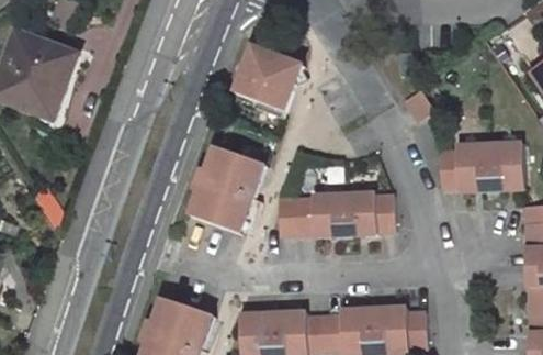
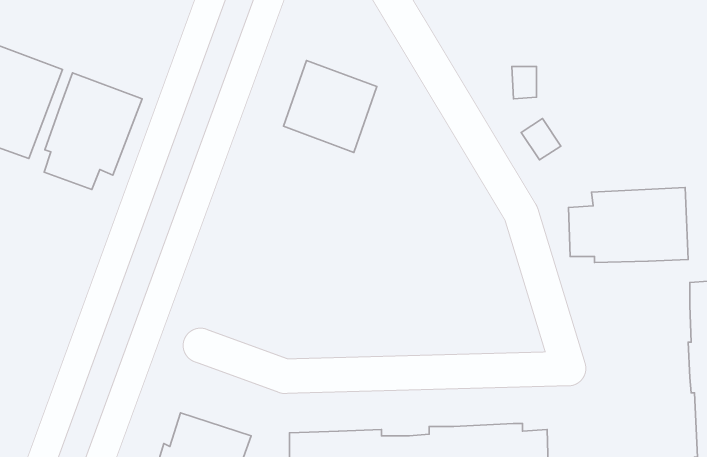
building: none -> [44,73,142,189]
building: [190,147,265,234] -> none
building: [276,192,395,235] -> none

